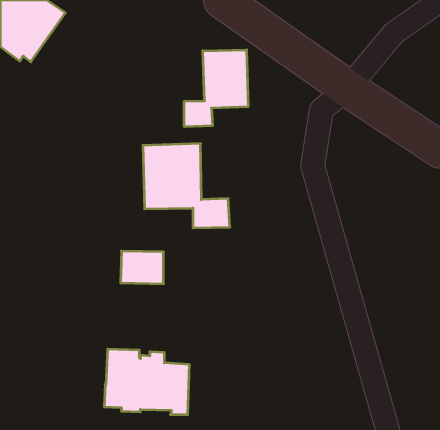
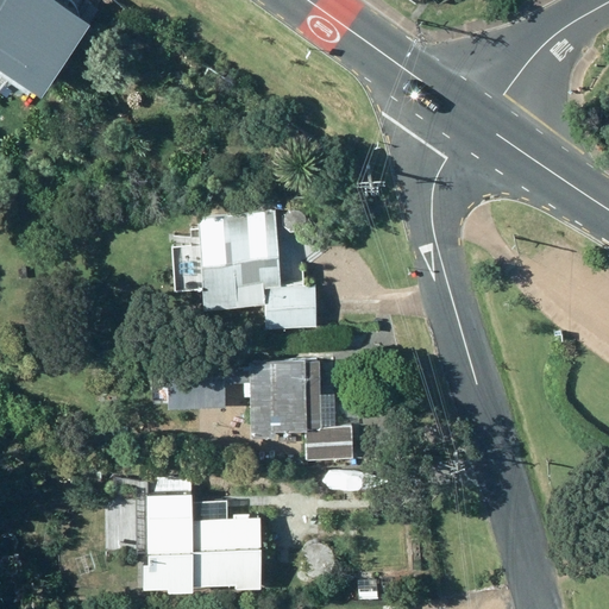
building: [184,50,248,127] -> none
building: none -> [250,358,352,460]

